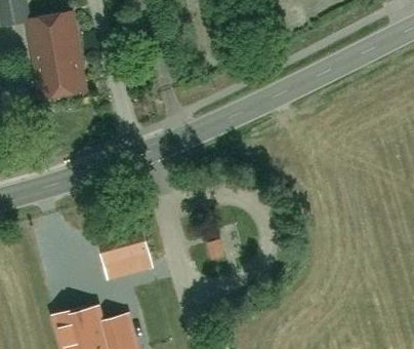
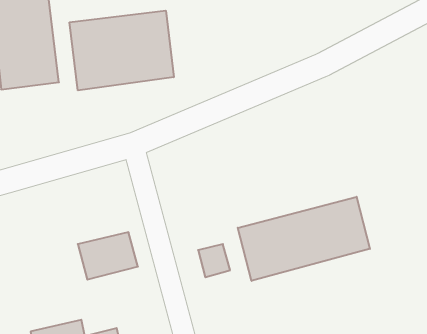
building: none -> [70,11,174,90]
building: none -> [238,197,370,281]

